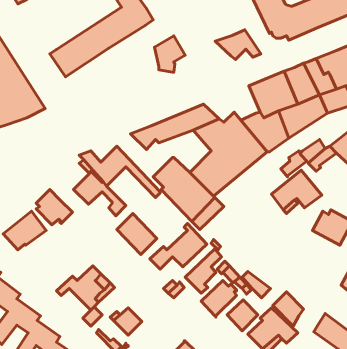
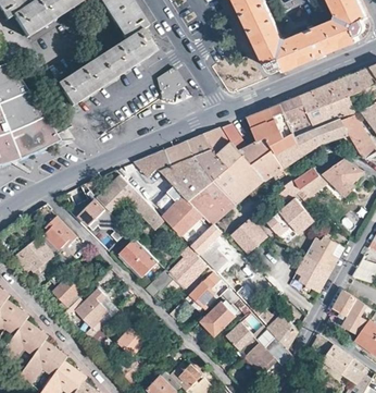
building: [215,30,261,60] -> [202,122,246,150]
building: none -> [160,158,210,198]
building: none -> [228,218,266,251]
building: none -> [297,254,333,290]
building: none -> [54,277,79,311]

